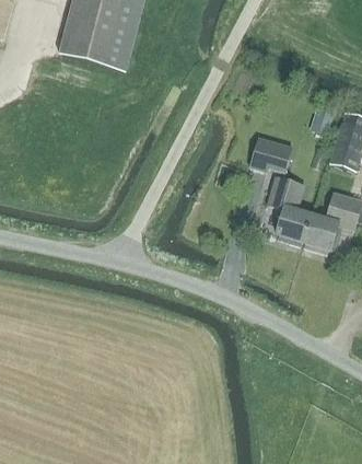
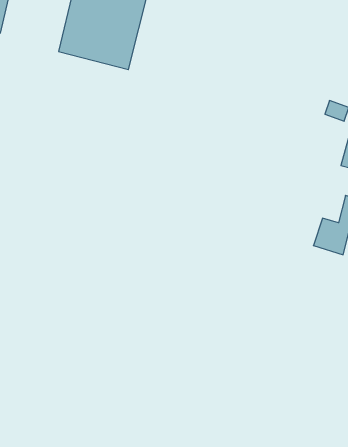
building: [249,136,292,172] -> none
building: [268,175,312,240] -> none

